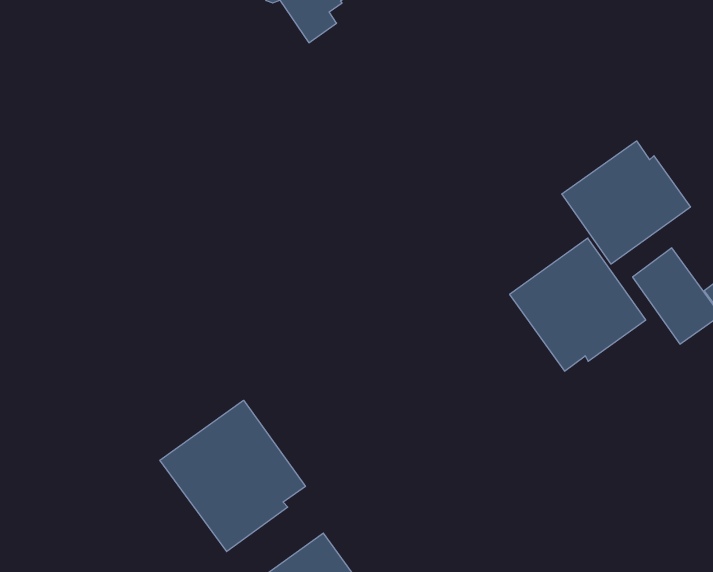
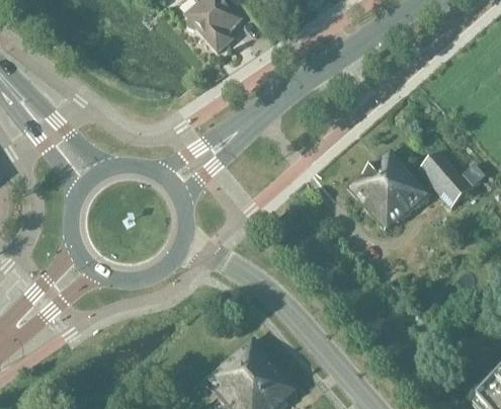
building: [562,141,690,264] -> none
building: [160,400,305,552] -> none

